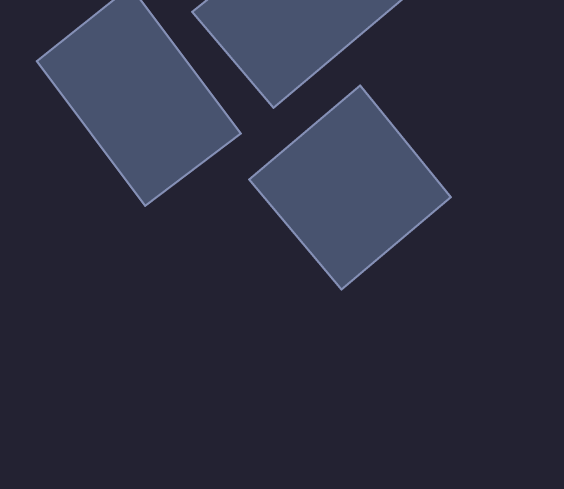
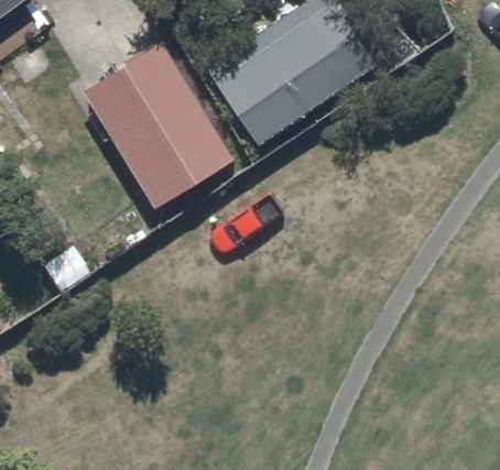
building: [249,85,451,290] -> none

